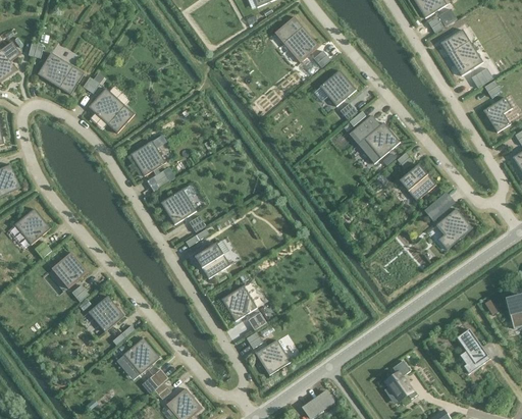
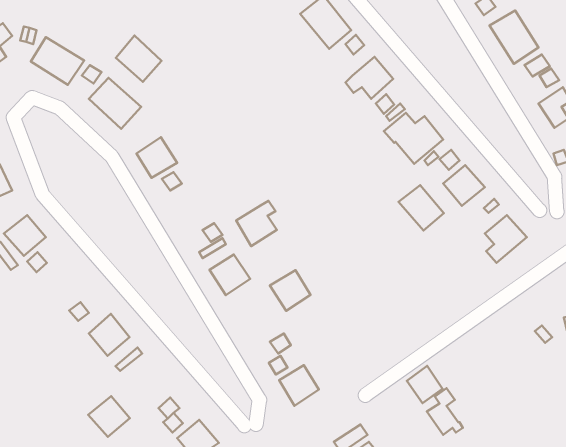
building: none -> [116,36,162,82]
building: none -> [398,185,444,230]
building: [160,185,196,224] -> [236,201,277,246]
building: [50,252,87,287] -> none
building: [220,285,256,321] -> [270,270,311,311]
building: [456,328,487,373] -> none
building: [122,337,159,373] -> [88,396,130,437]
building: none -> [407,366,443,403]

